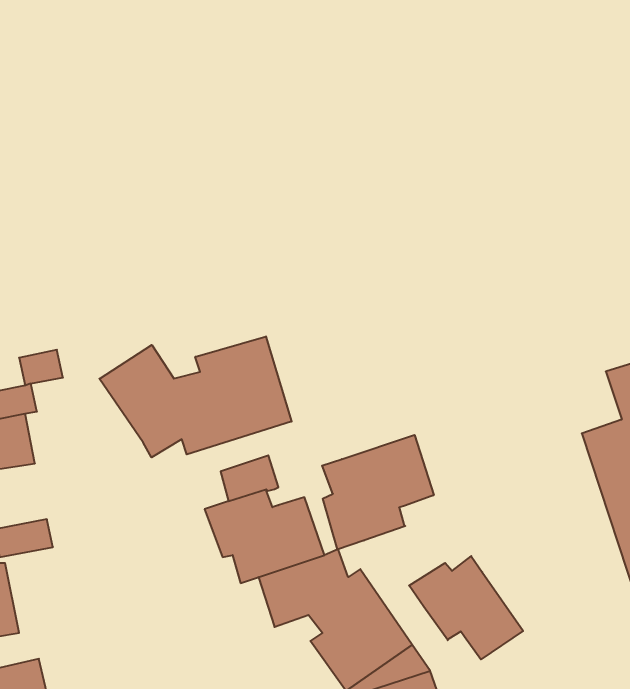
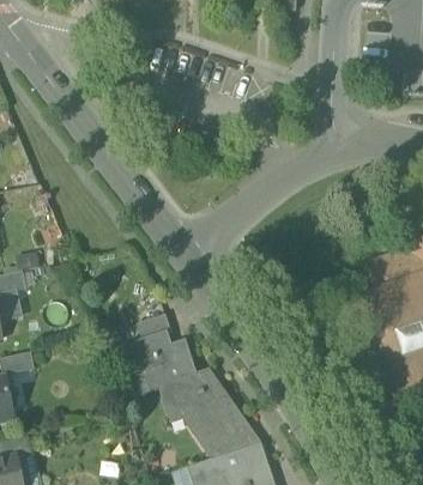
building: [99,336,292,457] -> none
building: [322,435,434,549] -> none
building: [409,556,523,659] -> none

